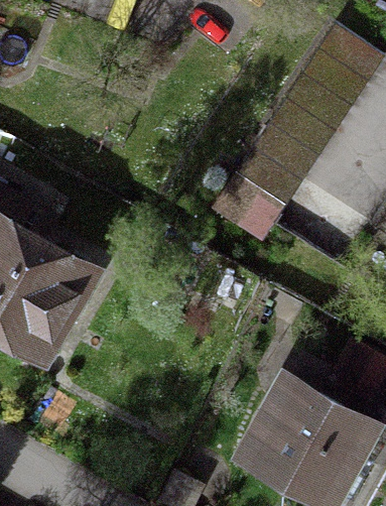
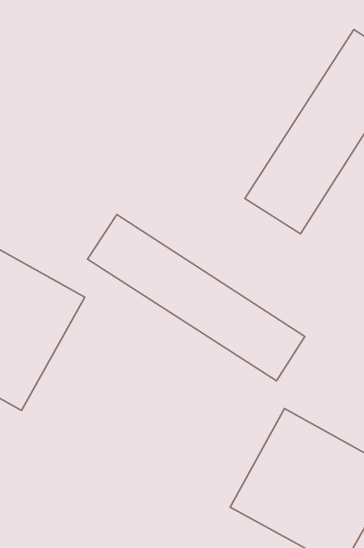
building: none -> [87,214,305,381]

